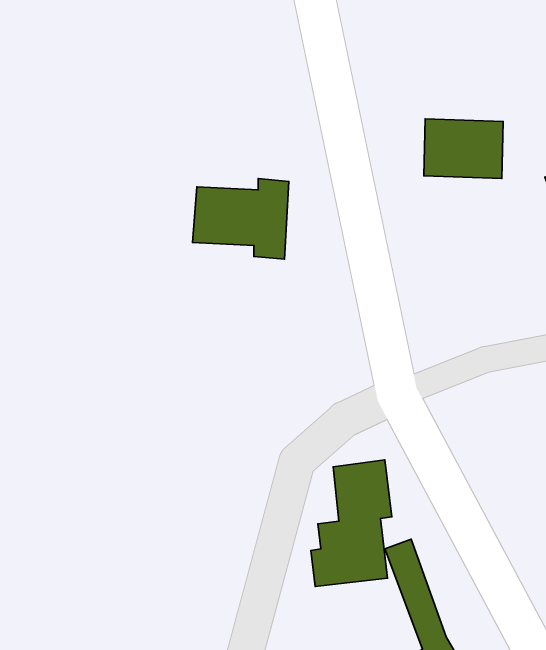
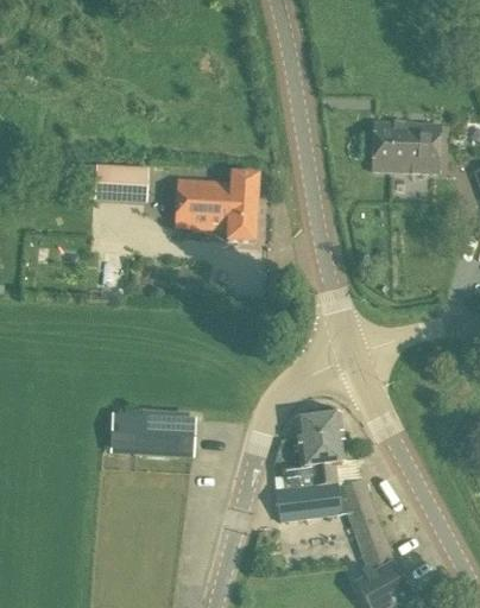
building: none -> [94,164,149,203]
building: none -> [108,414,194,456]

